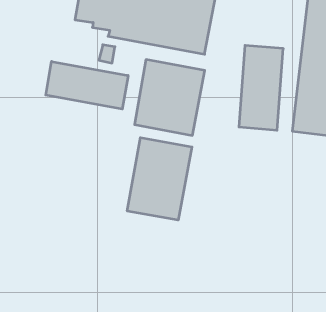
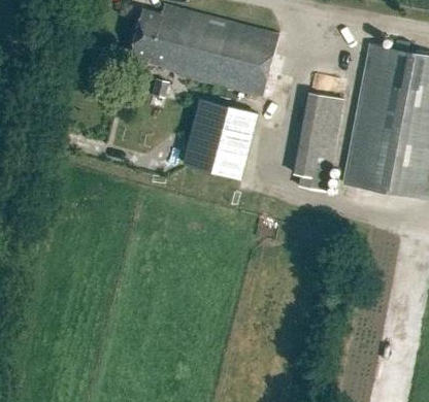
building: [46,61,128,109] -> none
building: [127,138,192,220] -> none

